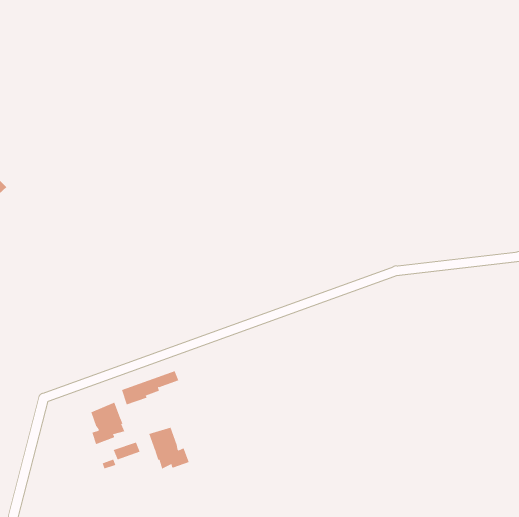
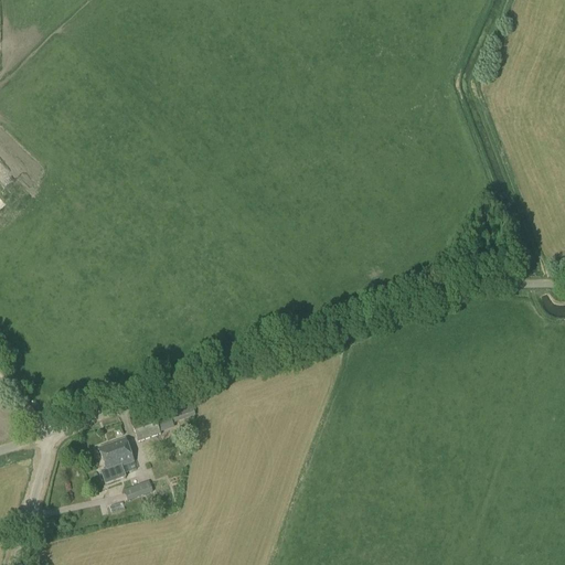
building: [148,427,190,470] -> none

